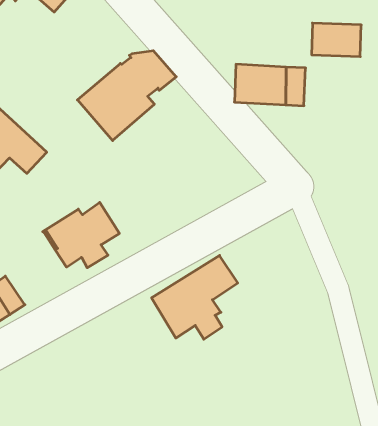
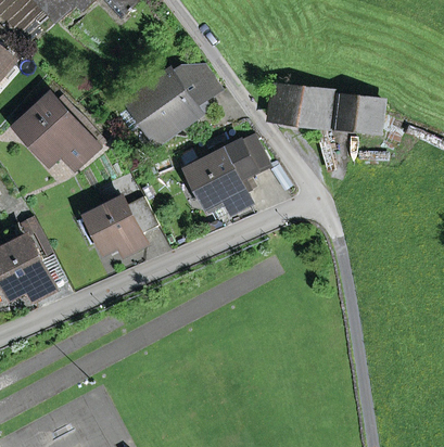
building: [312,23,361,57] -> [335,98,382,131]
building: [152,255,238,339] -> [189,139,267,213]

